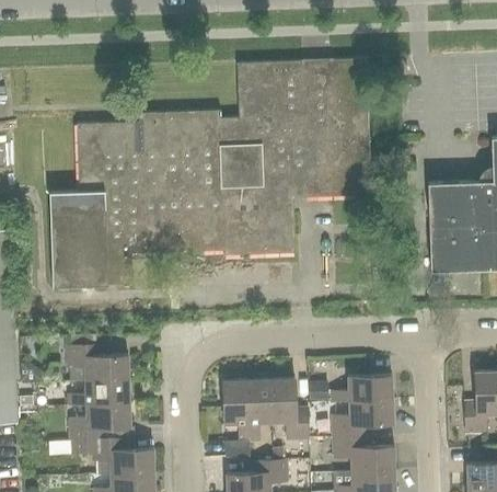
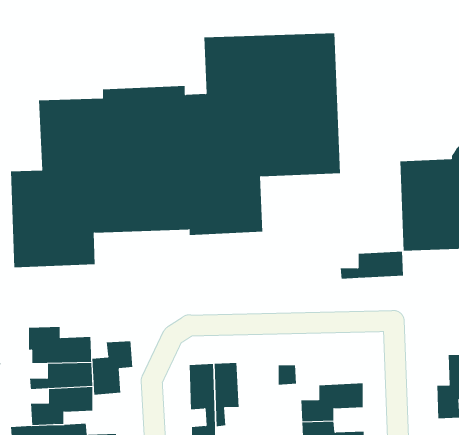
building: none -> [92,341,133,396]
building: [331,376,393,403] -> [340,251,404,279]
building: [270,379,309,442] -> none

